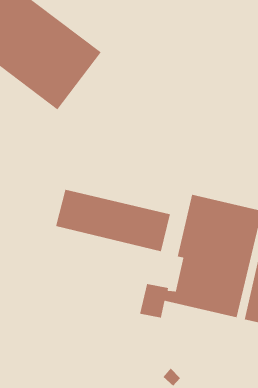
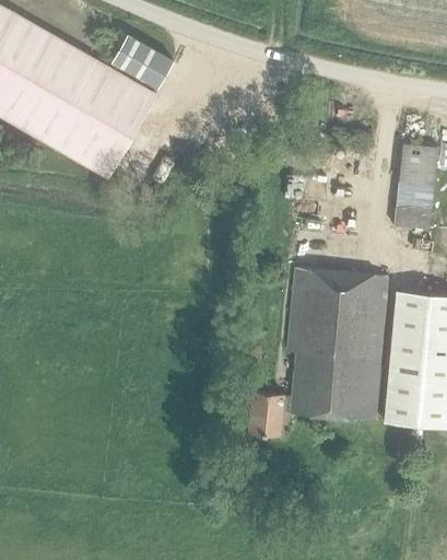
building: none -> [111,36,173,90]
building: [55,189,171,252] -> none

